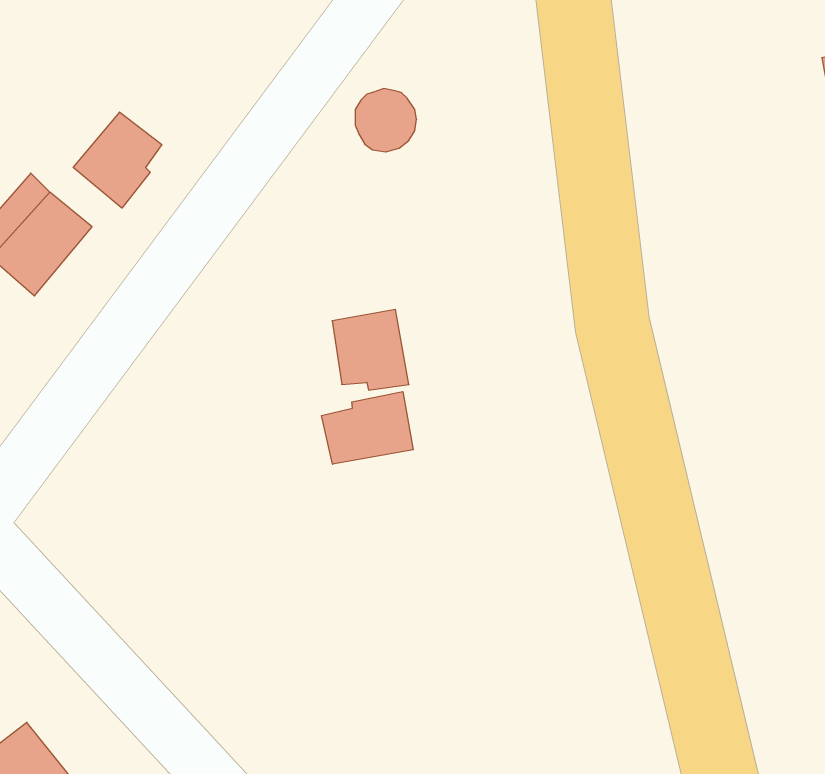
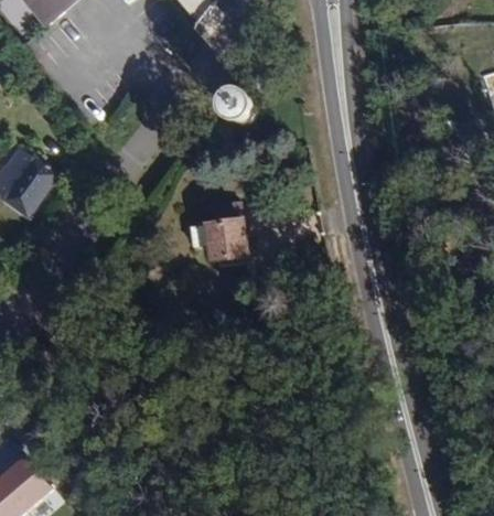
building: [73,112,162,208] -> none
building: [322,392,413,464] -> none

